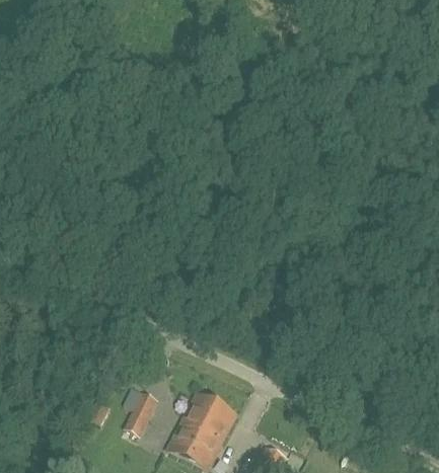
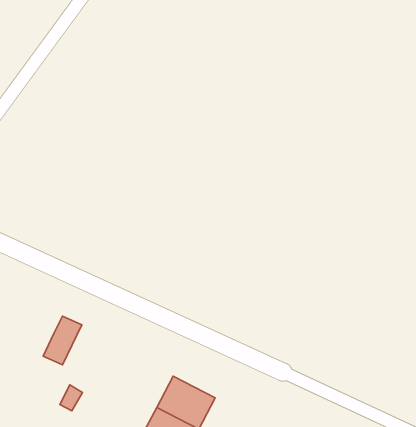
building: [124,389,160,435] -> [43,316,82,365]

